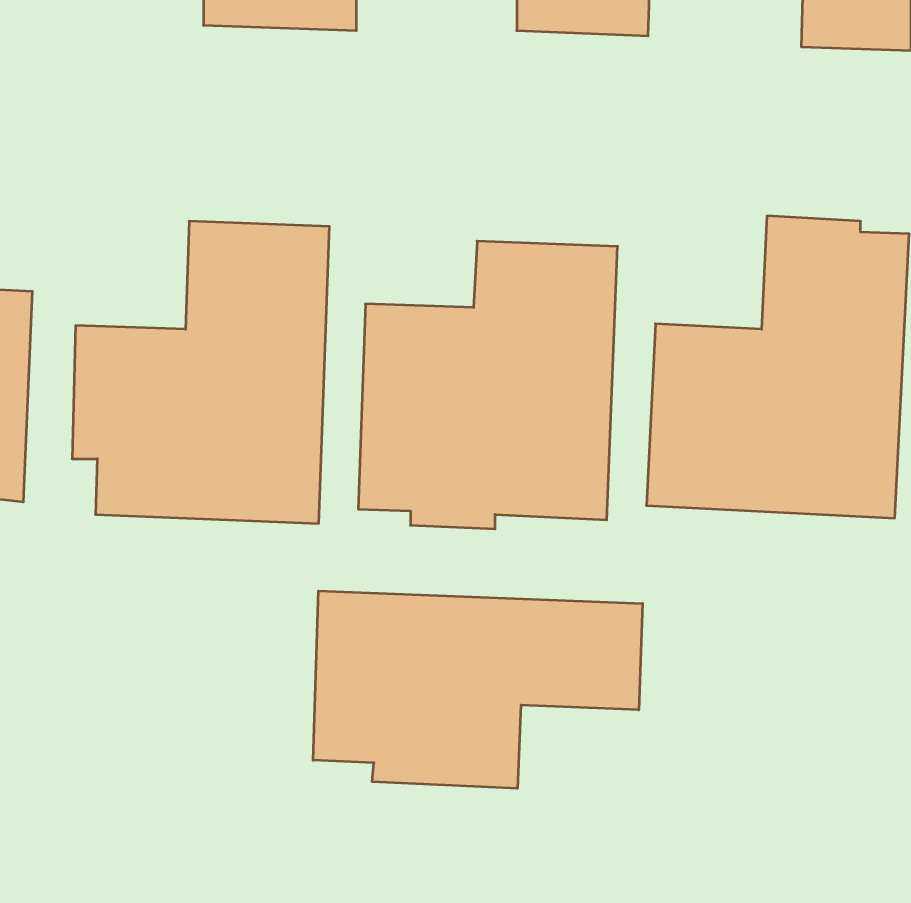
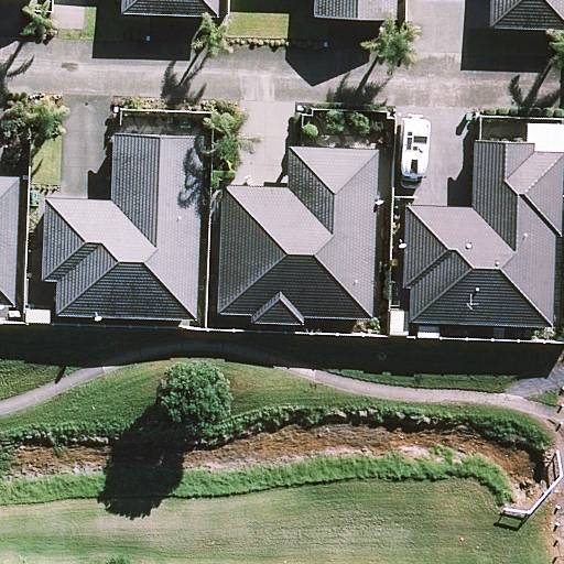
building: [313,591,643,788] -> none

